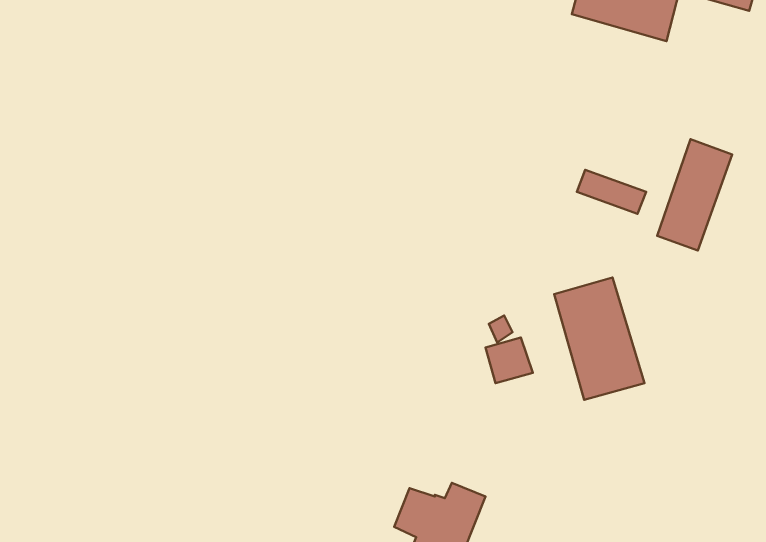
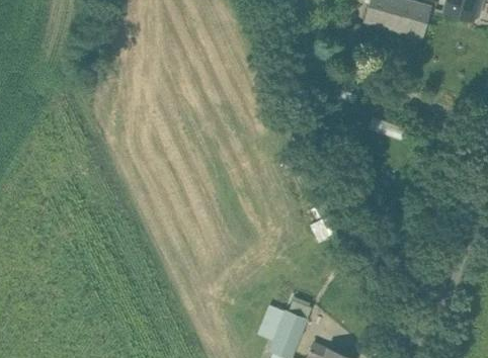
building: [657,139,732,251] -> none
building: [554,277,644,400] -> none

